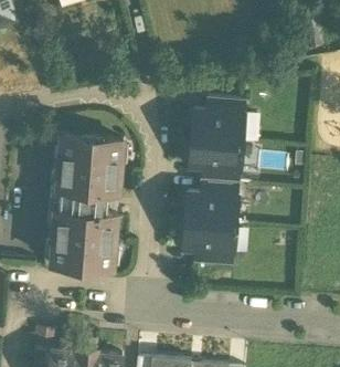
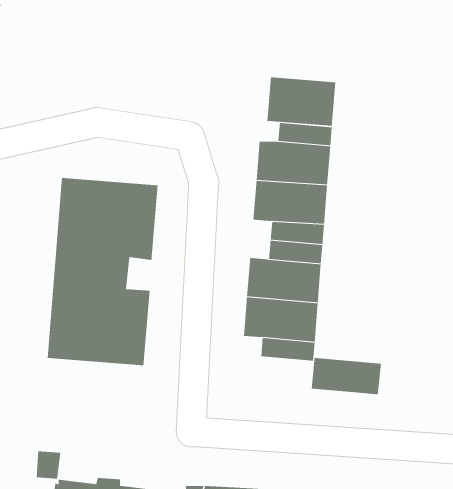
building: none -> [267,77,336,127]
building: none -> [311,357,381,395]

